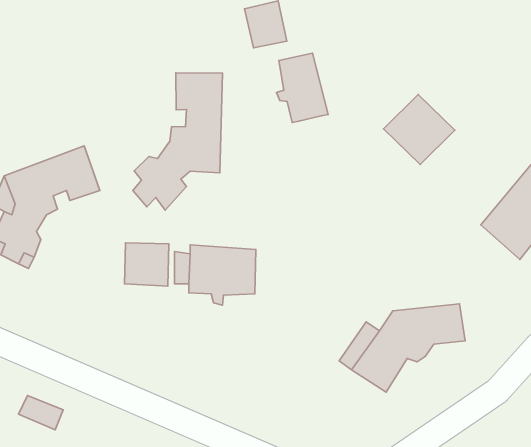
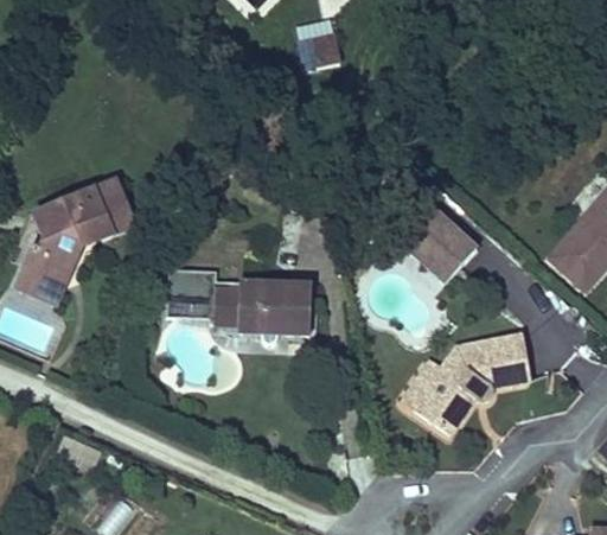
building: [277,53,328,122] -> none
building: [133,73,223,210] -> none
building: [384,94,455,165] -> [405,216,481,291]

